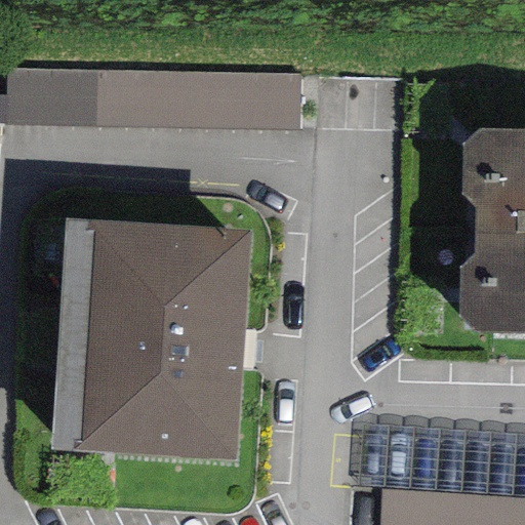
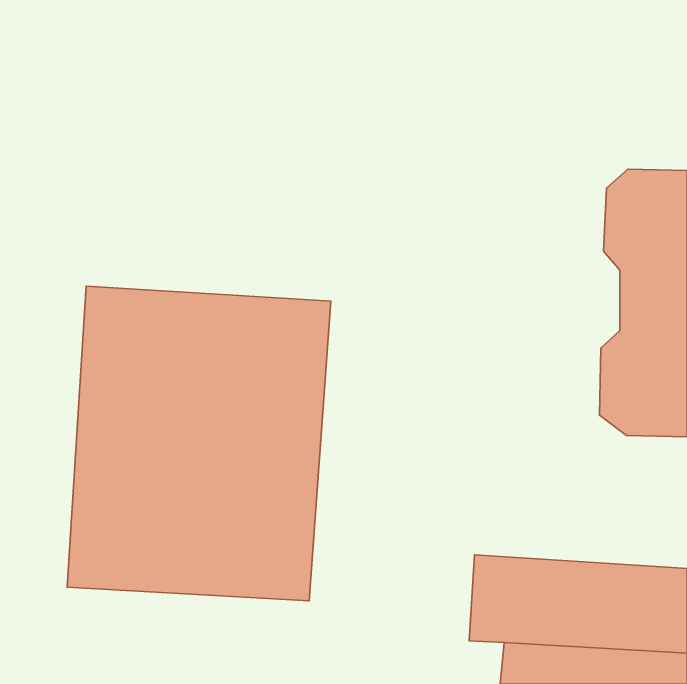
building: [7,69,298,129] -> none

